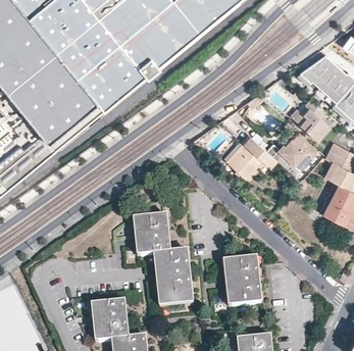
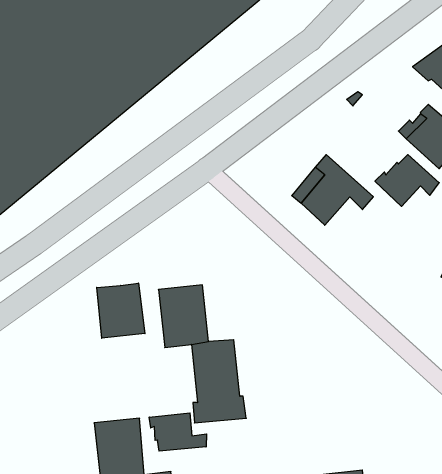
building: none -> [97,283,145,338]
building: [224,257,259,306] -> none
building: none -> [149,413,207,451]

